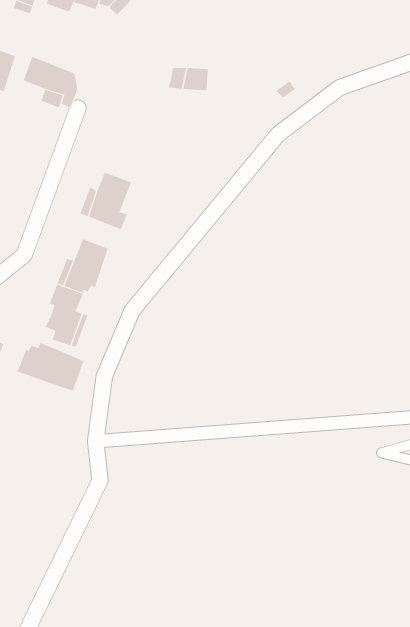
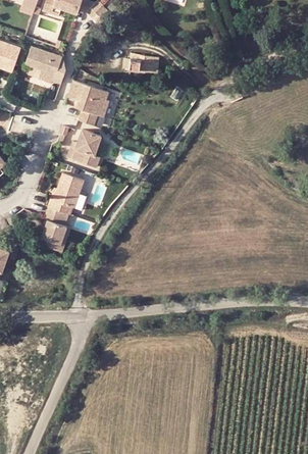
building: none -> [67,80,108,125]
building: [17,342,84,392] -> none

